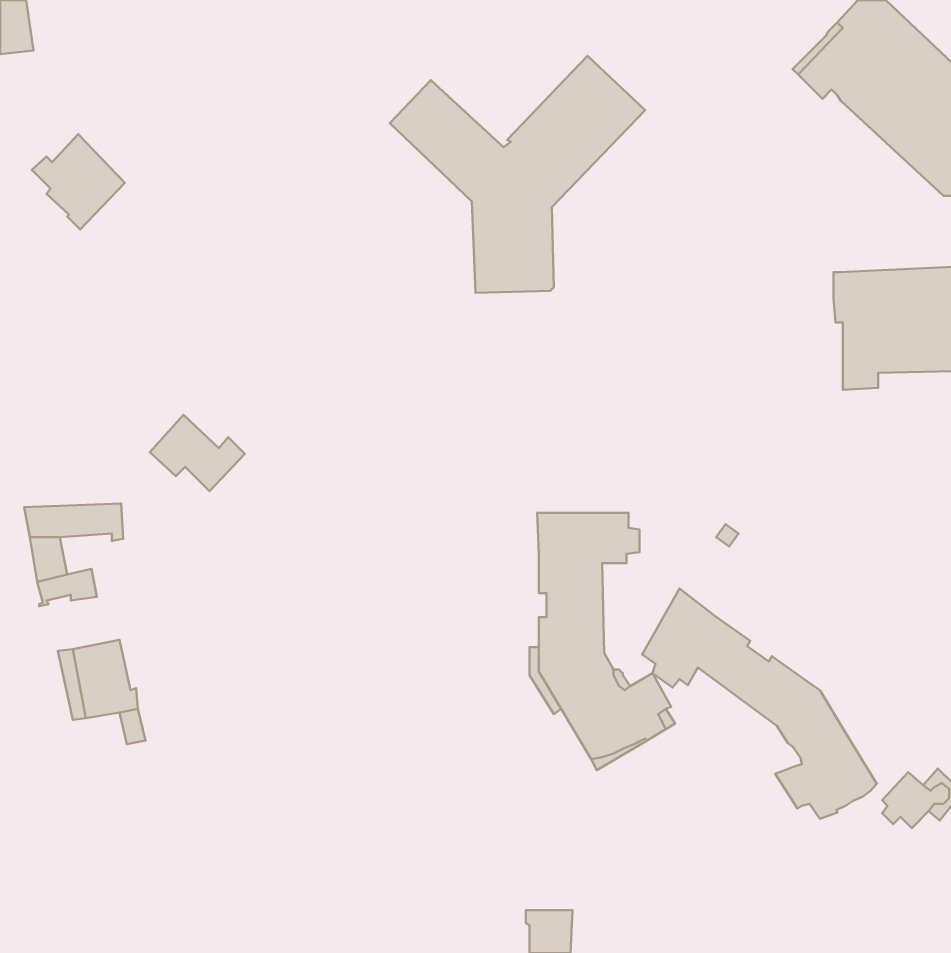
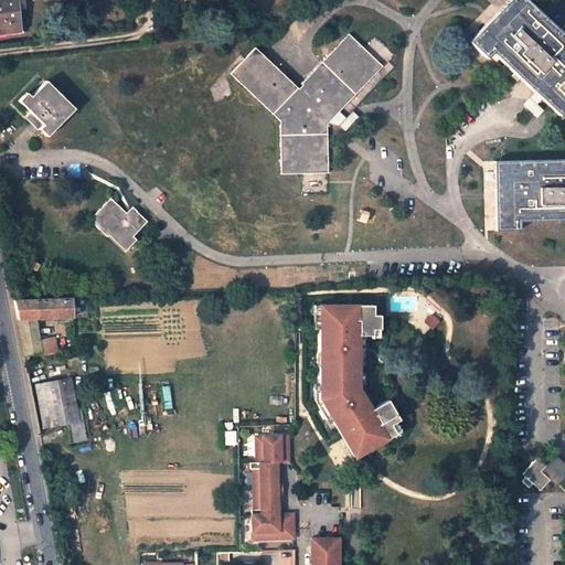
building: [150,415,245,491] -> [92,198,148,243]
building: [642,589,877,819] -> none
building: none -> [253,436,295,540]

